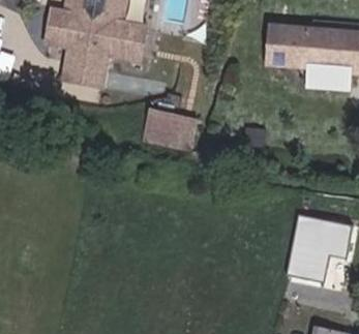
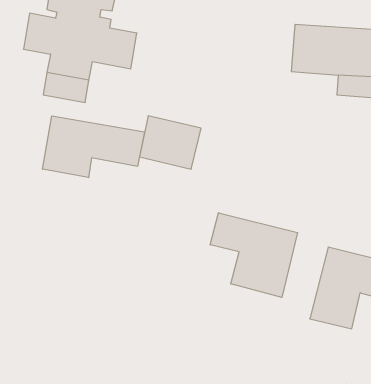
building: none -> [43,116,144,178]
building: none -> [210,213,297,297]

